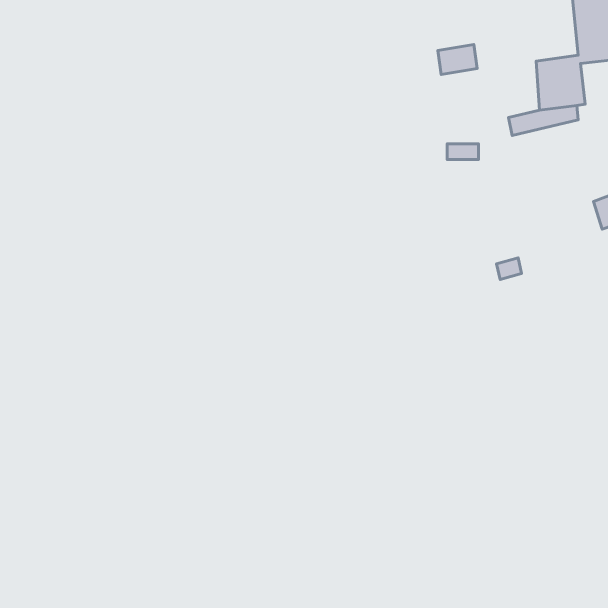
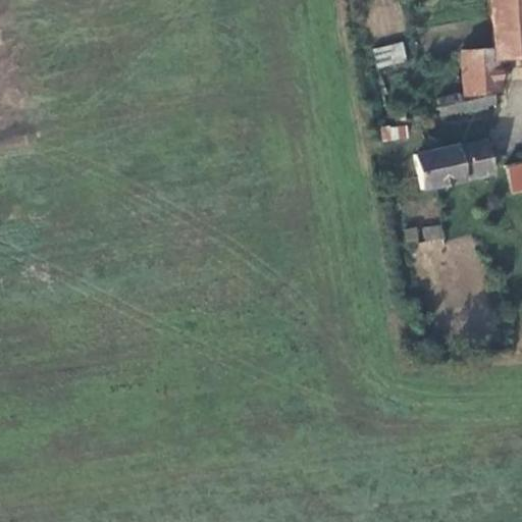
building: none -> [416,143,494,189]

